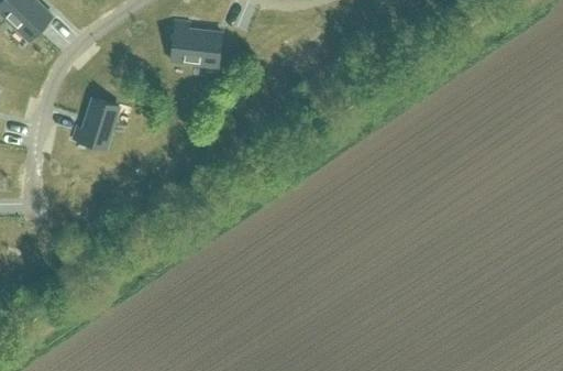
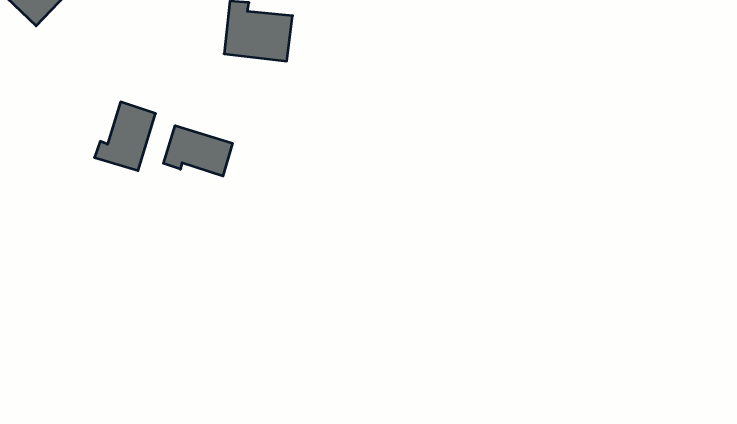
building: none -> [163,126,232,176]

